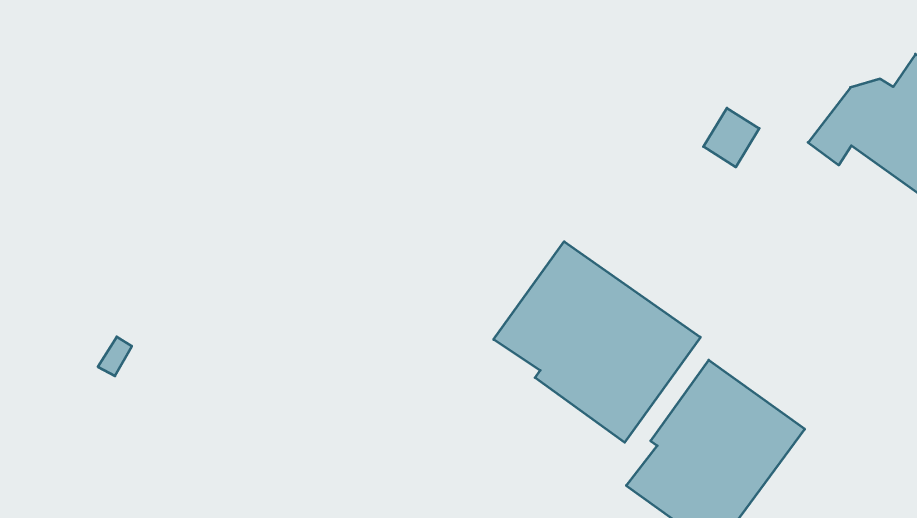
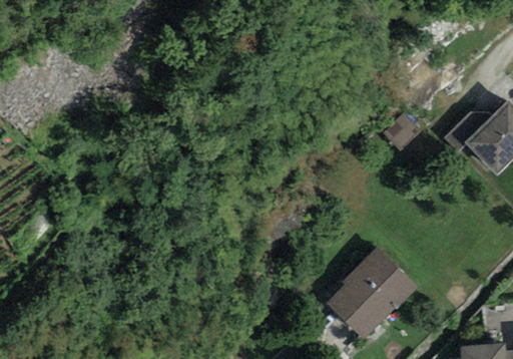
building: [494,242,700,442] -> none

